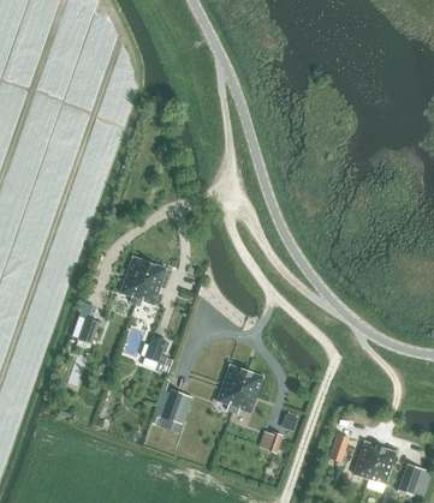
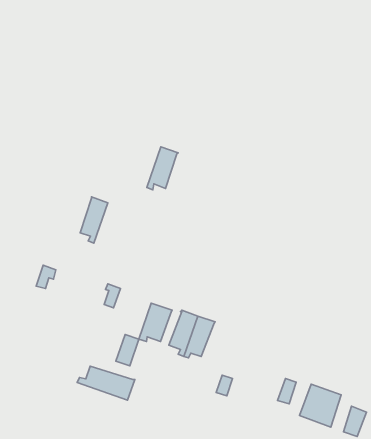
building: [138,253,171,298] -> [147,147,178,190]
building: none -> [139,303,172,342]
building: none -> [77,366,135,400]

